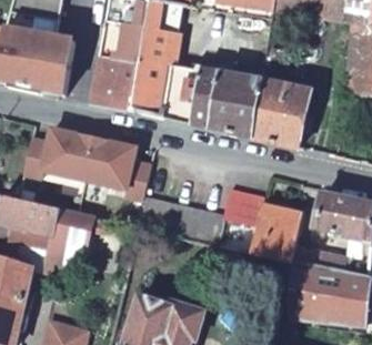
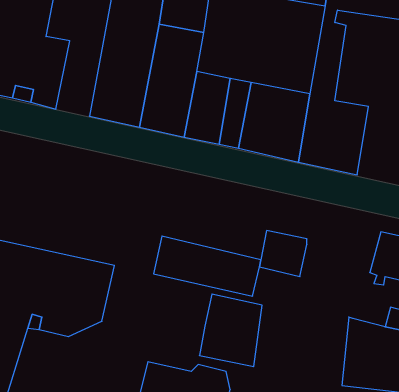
building: [20,125,145,199] -> none
building: [250,202,300,260] -> [199,294,262,367]

